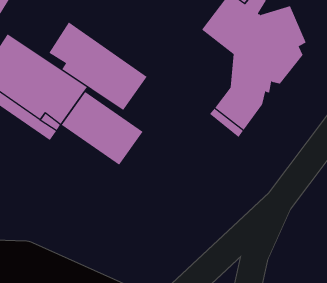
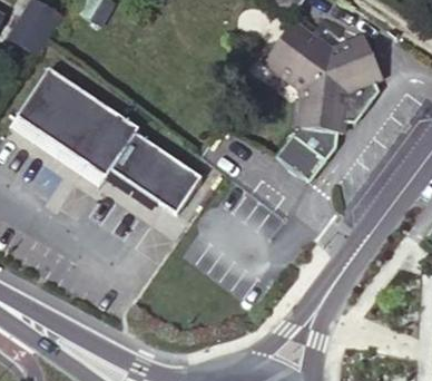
building: [49,22,148,111] -> none

